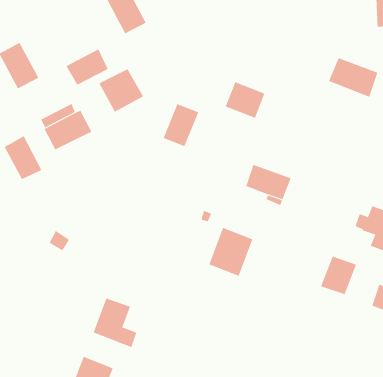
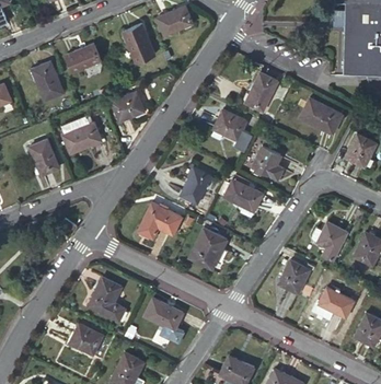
building: none -> [245,71,278,110]
building: [66,49,109,85] -> [66,43,101,71]
building: [163,103,199,147] -> [180,166,211,202]
building: none -> [251,146,284,179]
building: none -> [138,201,182,237]
building: none -> [145,298,183,329]

